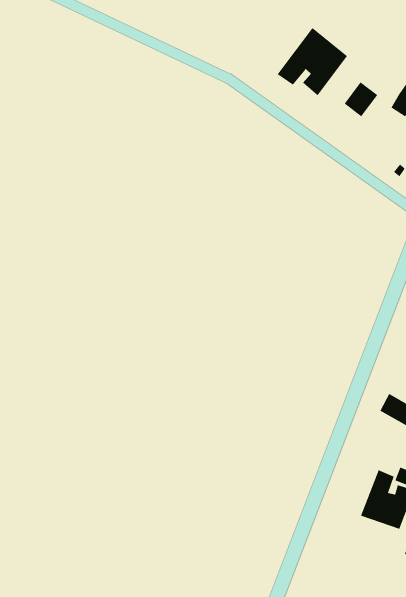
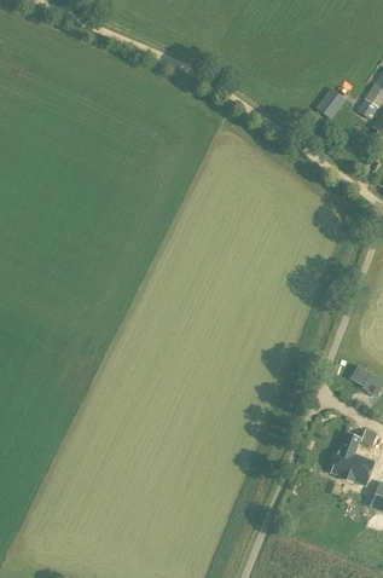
building: [277,27,348,96] -> none

